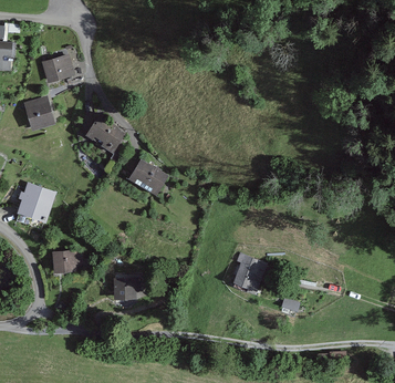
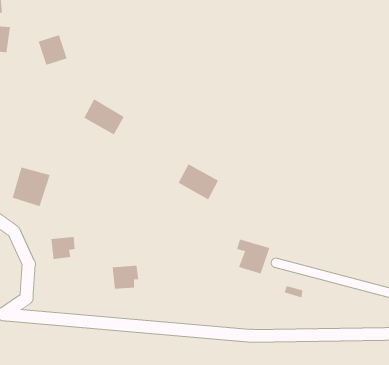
building: [24,94,56,131] -> none
building: [127,161,167,196] -> [178,164,219,200]

